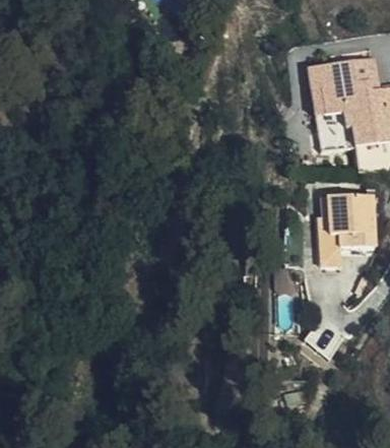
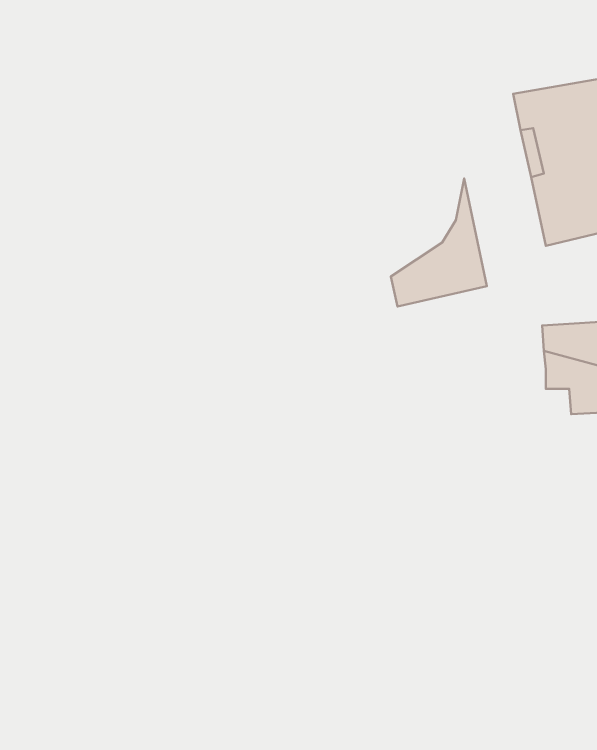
building: none -> [391,179,487,307]
building: [317,222,342,270] -> none

